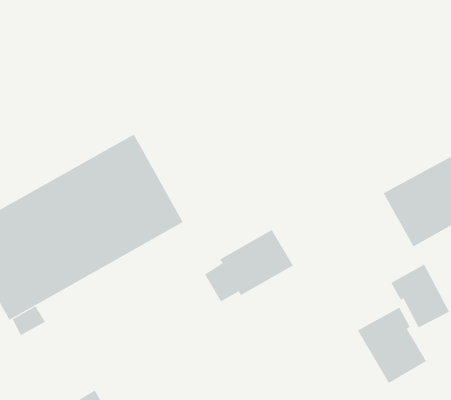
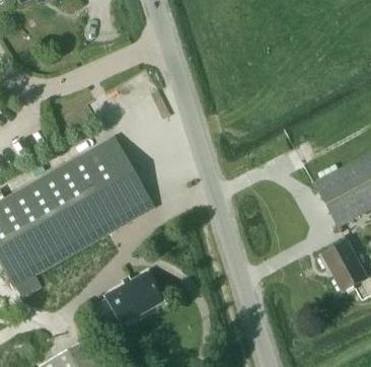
building: [204,229,294,302] -> [91,272,163,331]
building: [357,307,427,384] -> none

